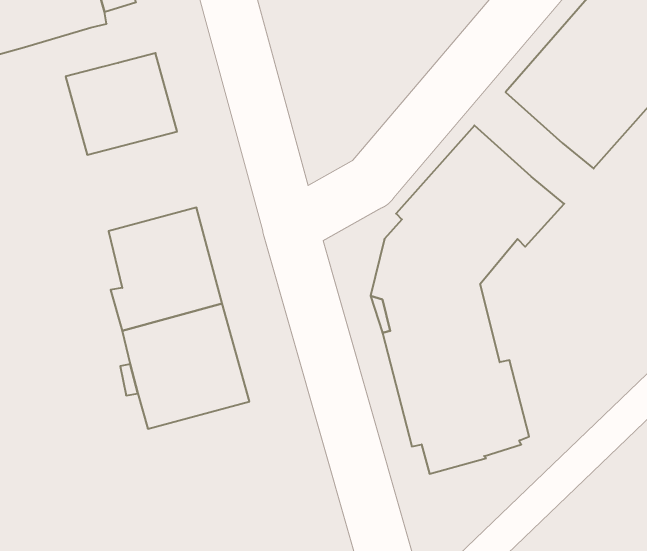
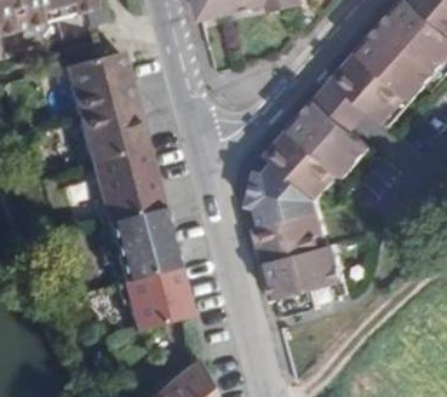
building: none -> [316,75,371,127]
building: none -> [76,99,144,161]
building: none -> [114,266,189,329]

